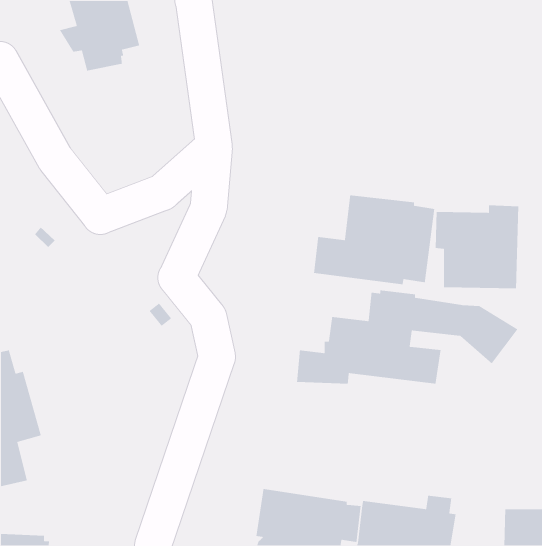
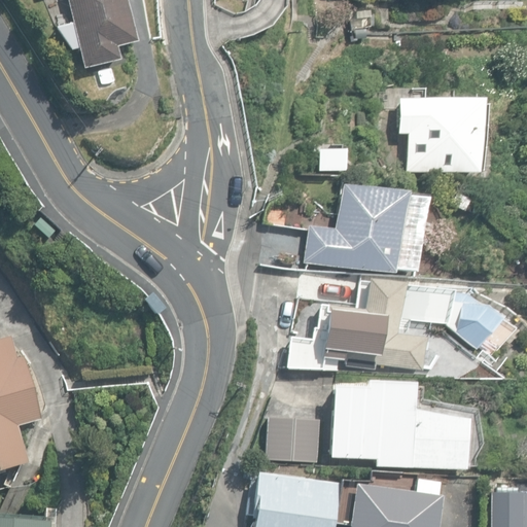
building: [435,205,519,289] -> [399,93,481,174]
building: none -> [329,378,466,469]
building: none -> [269,417,322,462]

